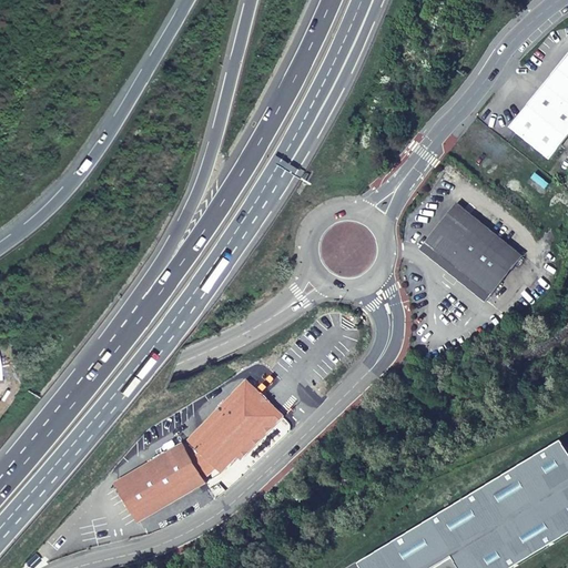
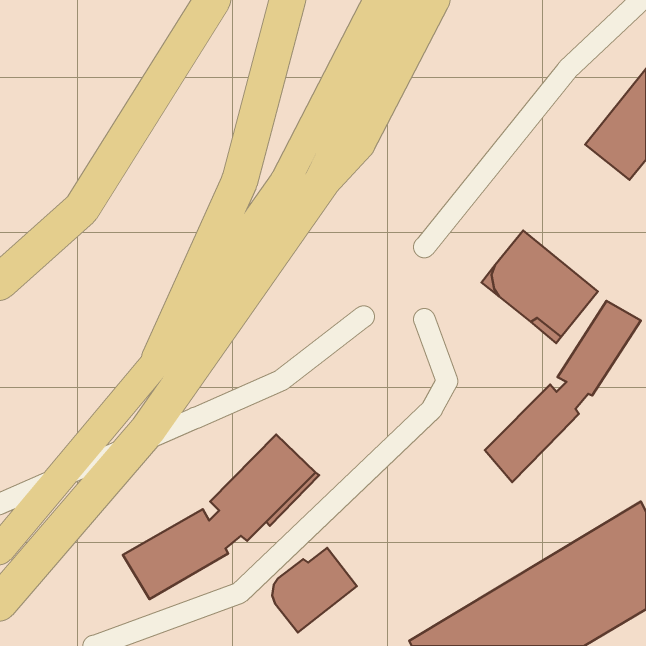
building: none -> [485,301,641,482]
building: none -> [272,548,357,632]

